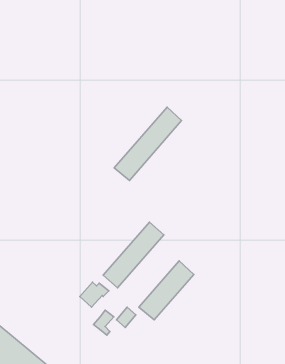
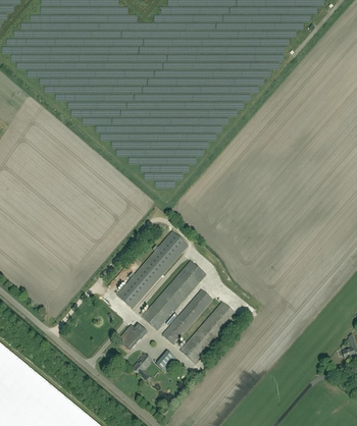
building: [114,107,182,181] -> [115,231,187,309]
building: none -> [161,289,212,344]

